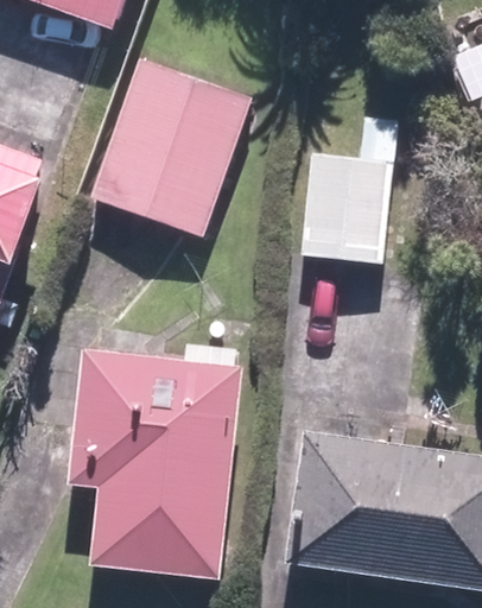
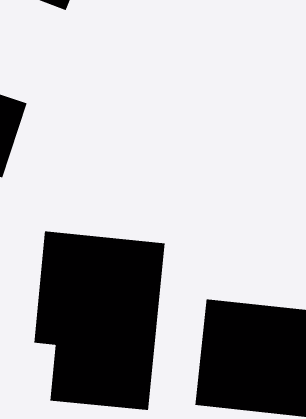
building: [90,62,253,240] -> none
building: [288,119,387,267] -> none

